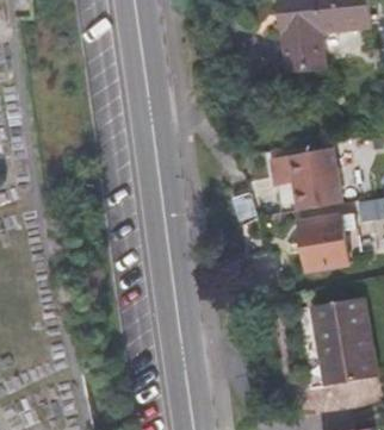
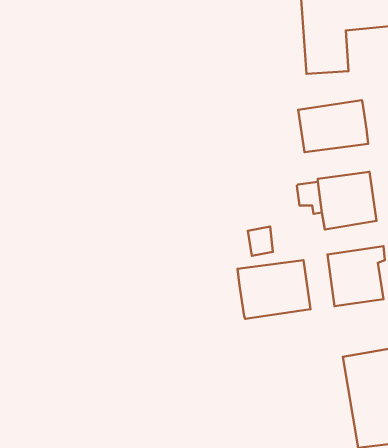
building: none -> [298,100,368,152]
building: none -> [238,260,310,319]

